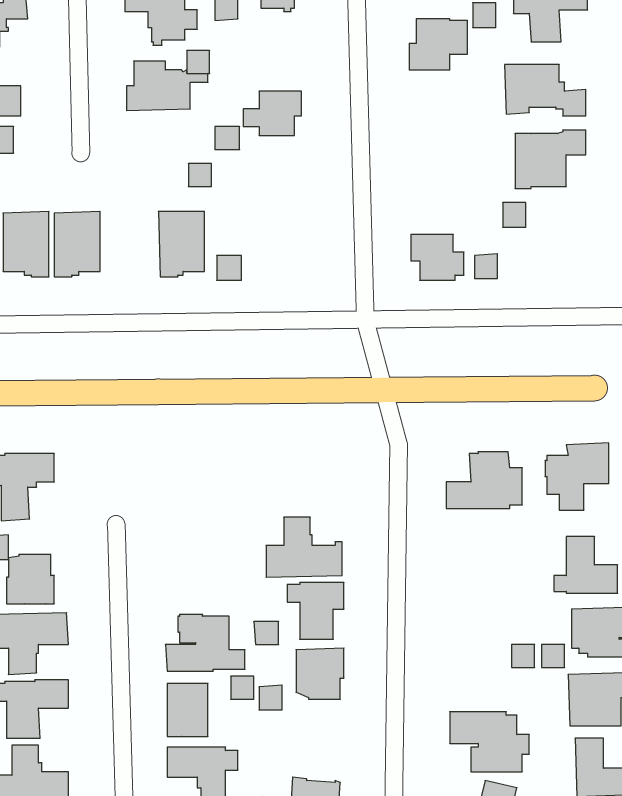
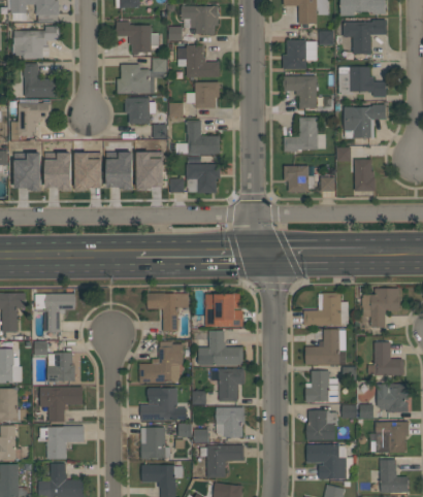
building: none -> [177,45,220,77]
building: none -> [283,76,317,108]
building: none -> [125,98,156,124]
building: none -> [284,118,326,152]
building: none -> [176,121,220,155]
building: none -> [107,153,133,191]
building: none -> [355,160,376,192]
building: none -> [187,164,221,194]
building: none -> [205,292,243,327]
building: none -> [148,293,189,331]
building: none -> [305,329,346,365]
building: none -> [139,342,184,383]
building: none -> [305,371,338,403]
building: none -> [306,410,337,441]
building: none -> [200,445,245,478]

